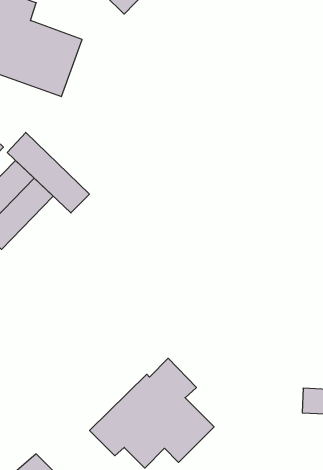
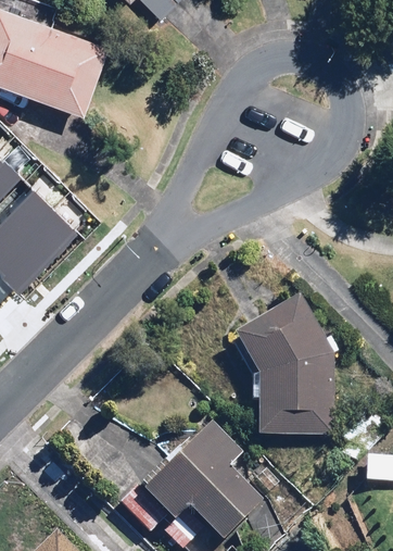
building: [7,132,89,213] -> none
building: none -> [237,297,339,436]

